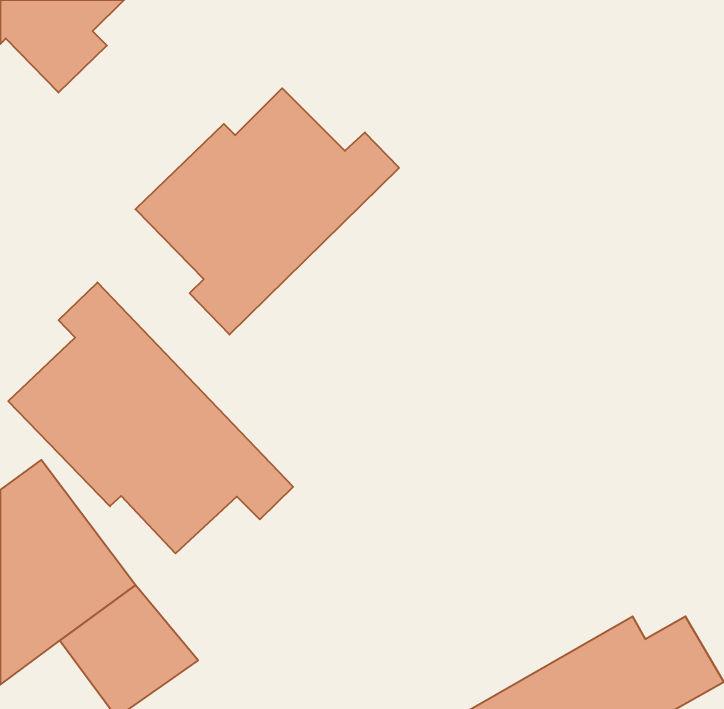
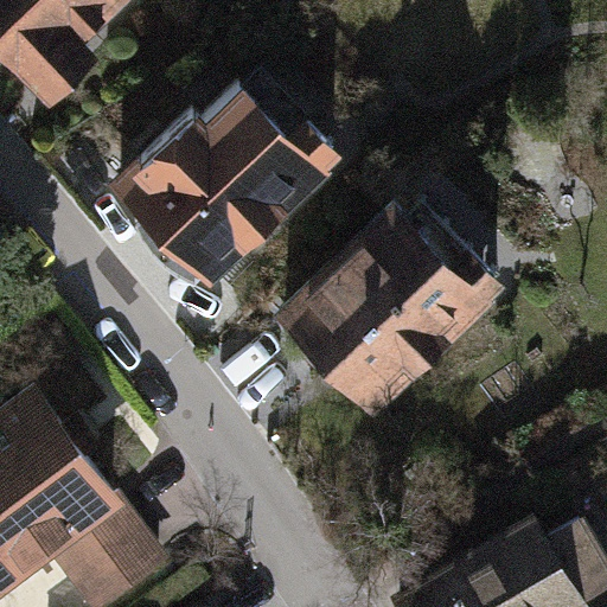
building: none -> [279,209,478,398]
building: [8,282,293,553] -> none

